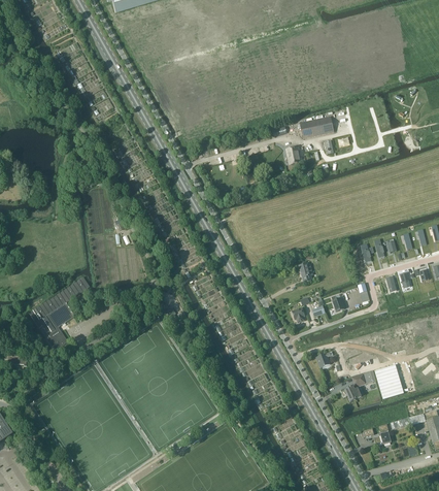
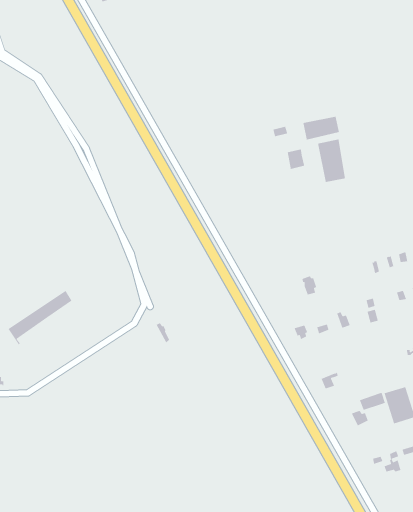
building: none -> [317,139,346,183]
building: [37,301,74,350] -> none

